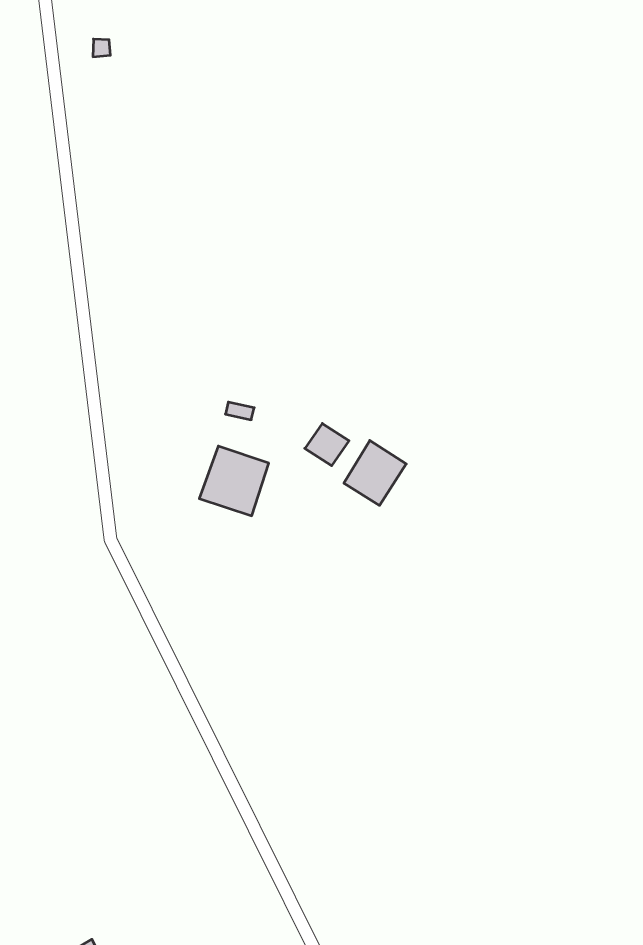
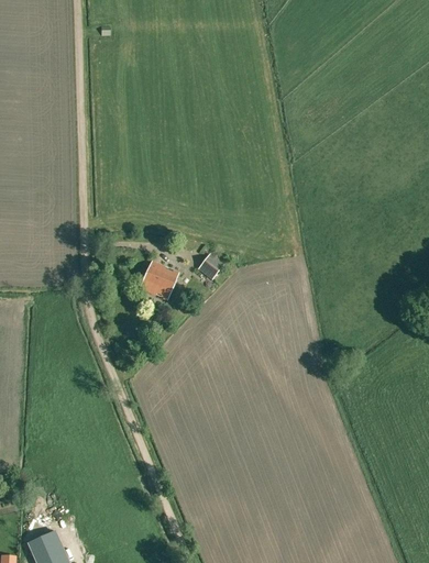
building: [344,440,406,505] -> none

